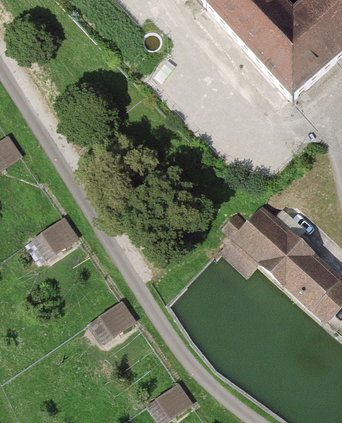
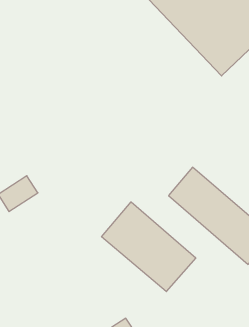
building: none -> [102,202,196,292]
building: [90,300,137,342] -> none

